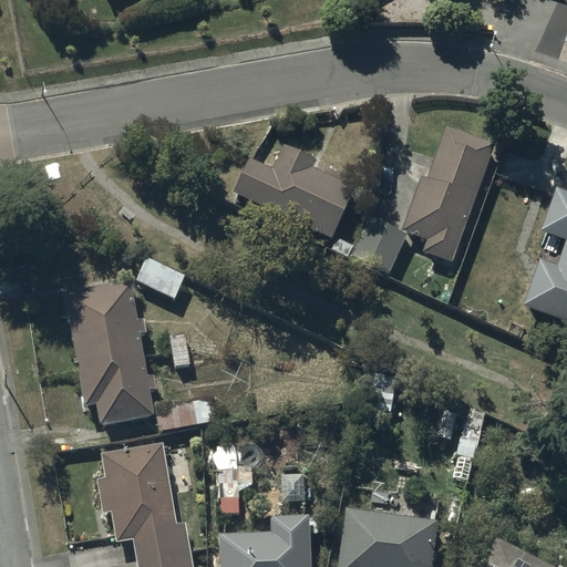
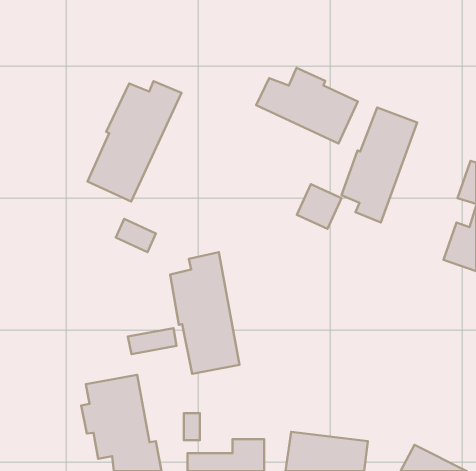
building: none -> [88,81,182,202]
building: [236,150,357,239] -> [256,68,358,143]
building: [59,269,151,413] -> none
building: none -> [170,252,239,374]

